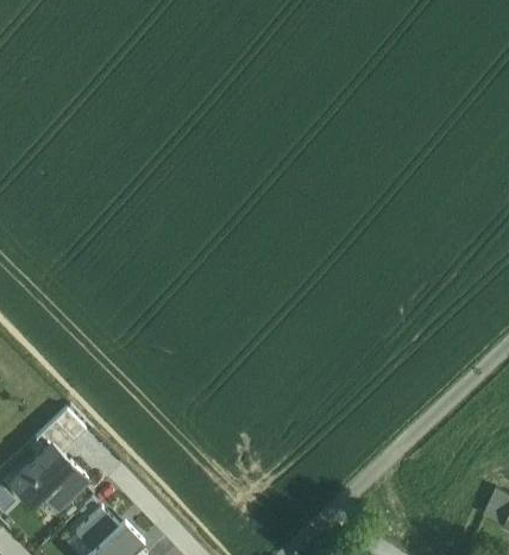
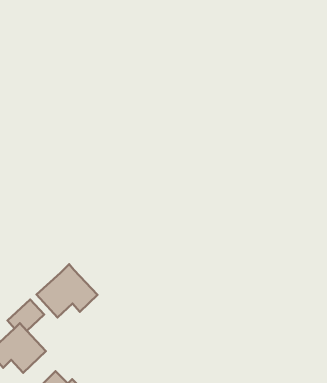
building: none -> [36,264,97,318]

